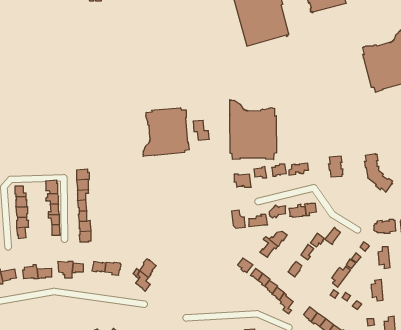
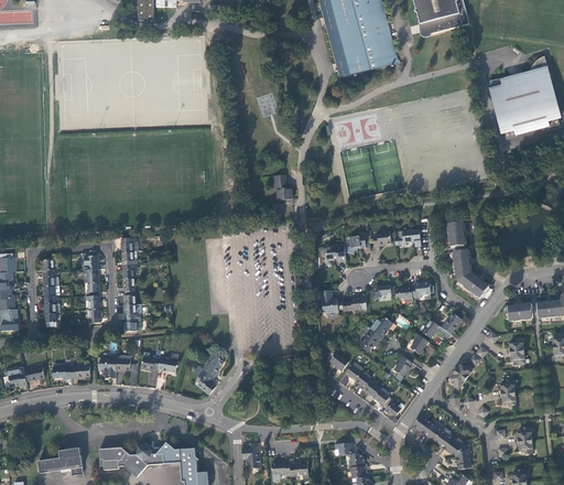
building: [230,100,276,160] -> none
building: [143,108,189,156] -> none
building: [364,154,393,192] -> [451,248,487,298]

